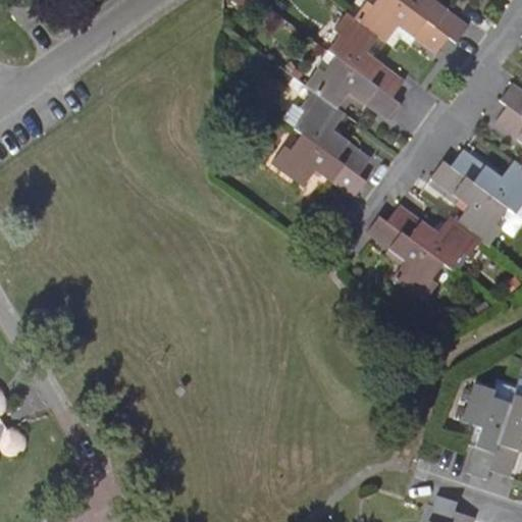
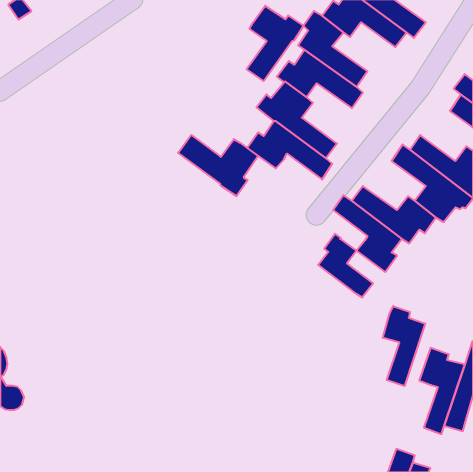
building: none -> [247,6,304,81]
building: none -> [178,135,258,196]
building: none -> [318,234,373,298]
building: none -> [383,306,425,386]

